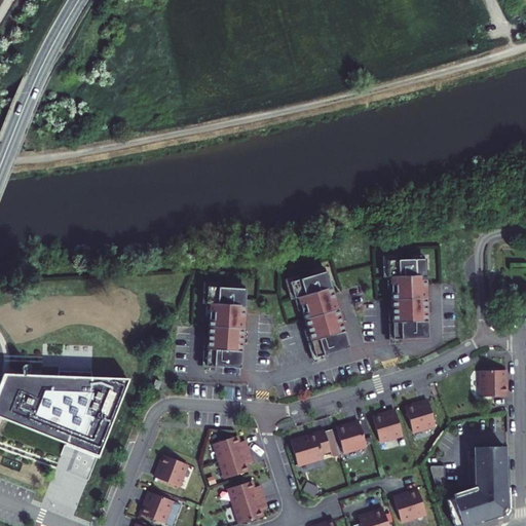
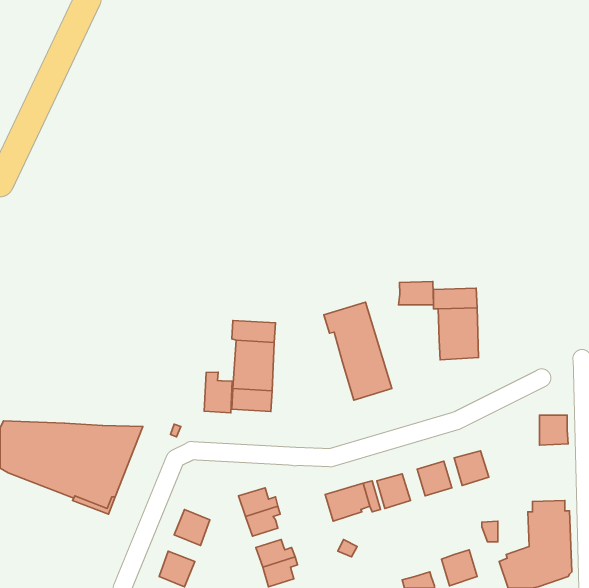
building: none -> [399,282,433,305]
building: [392,318,427,337] -> none
building: none -> [204,372,232,413]

